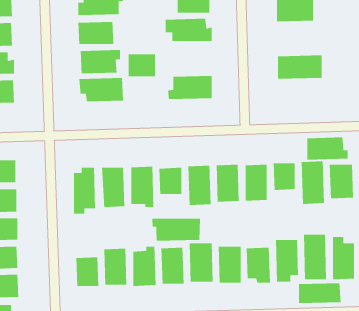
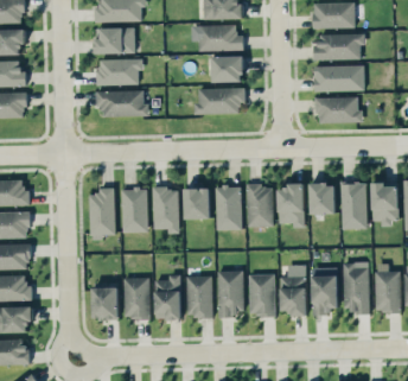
building: none -> [315,32,364,61]
building: [128,53,156,77] -> [212,56,243,82]
building: [306,137,349,160] -> [317,96,363,122]
building: [151,218,201,242] -> none
building: [298,283,341,304] -> none

